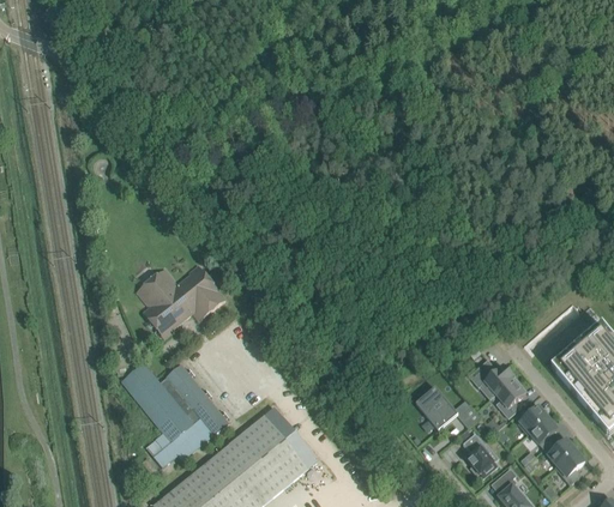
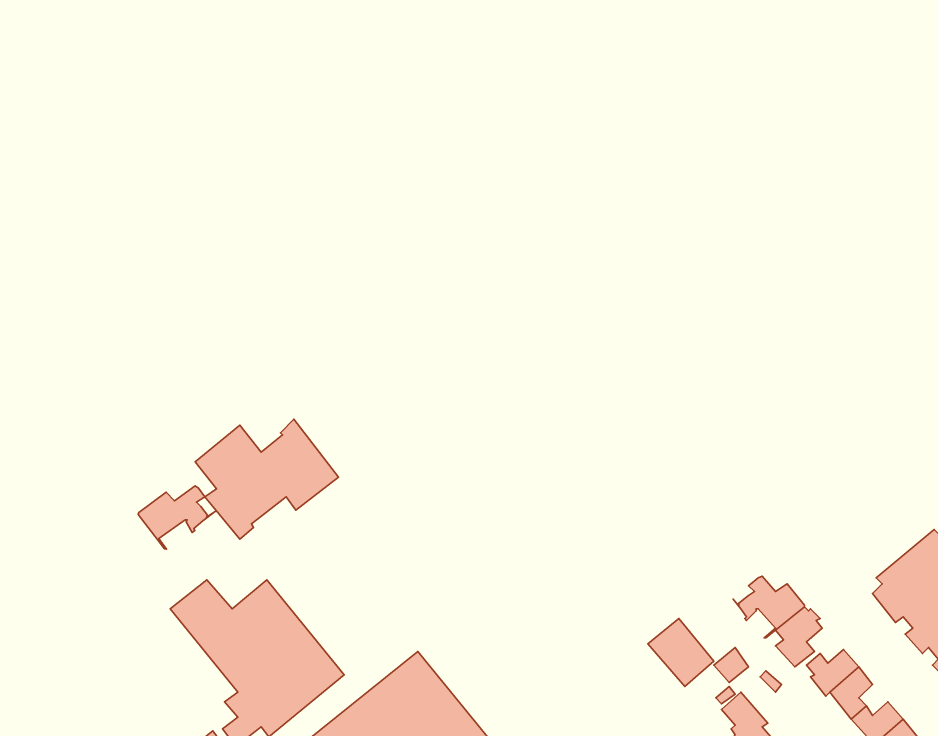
building: none -> [138,486,215,549]

